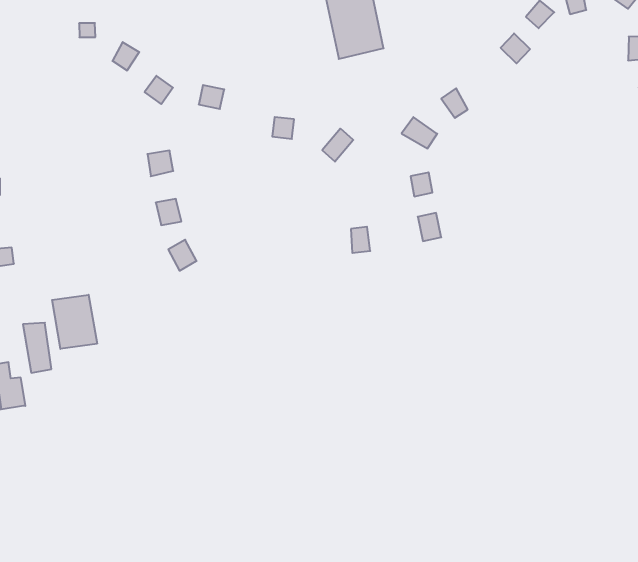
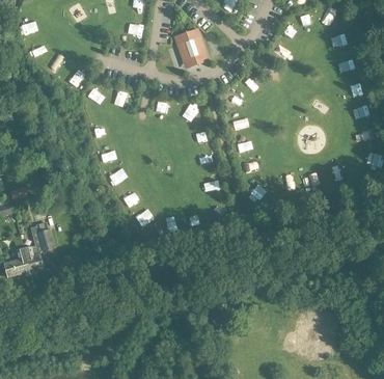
building: [52,295,97,349] -> none

